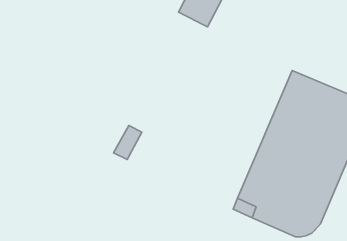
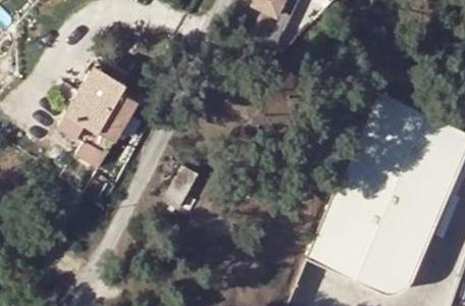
building: none -> [60,61,137,164]

